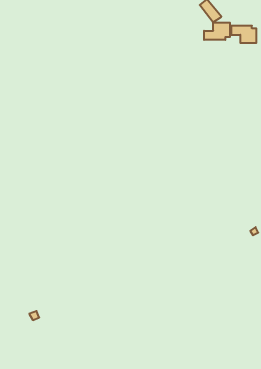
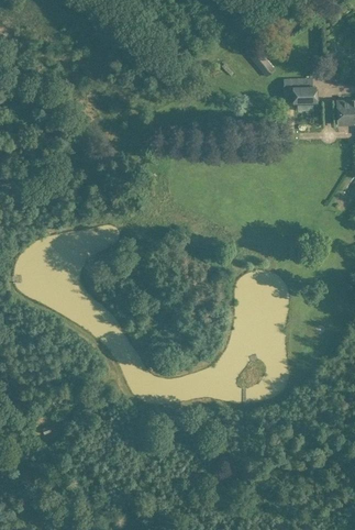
building: [204,23,230,40] -> none

